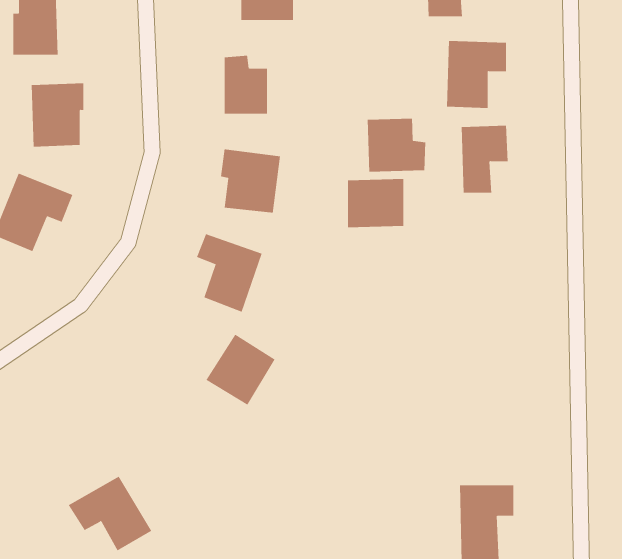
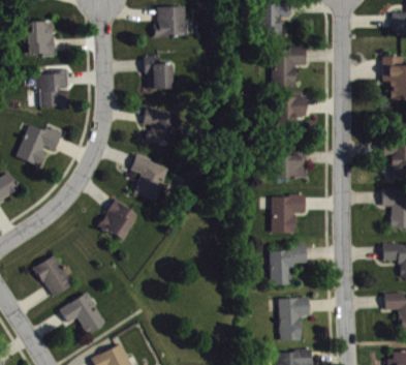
building: [367,118,426,172] -> none
building: [347,178,404,228] -> [274,151,306,179]
building: none -> [271,195,305,234]
building: [206,334,275,406] -> [97,200,136,240]
building: none -> [270,245,306,285]
building: none -> [33,254,73,297]

